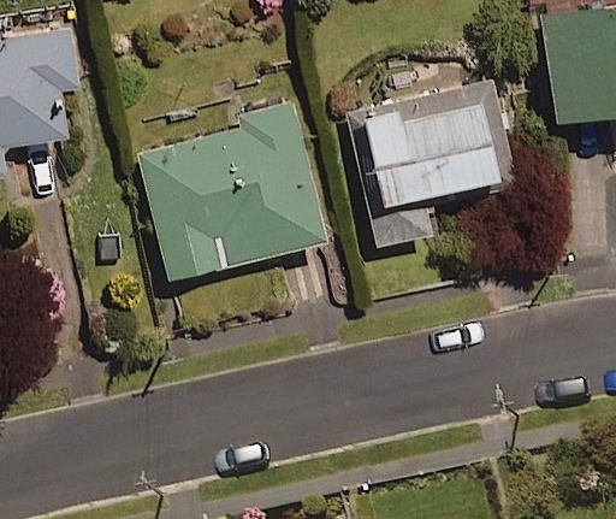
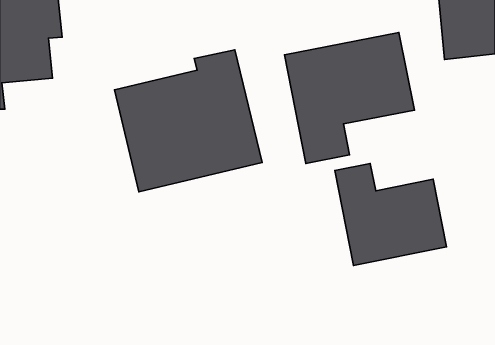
building: none -> [335,164,446,265]

